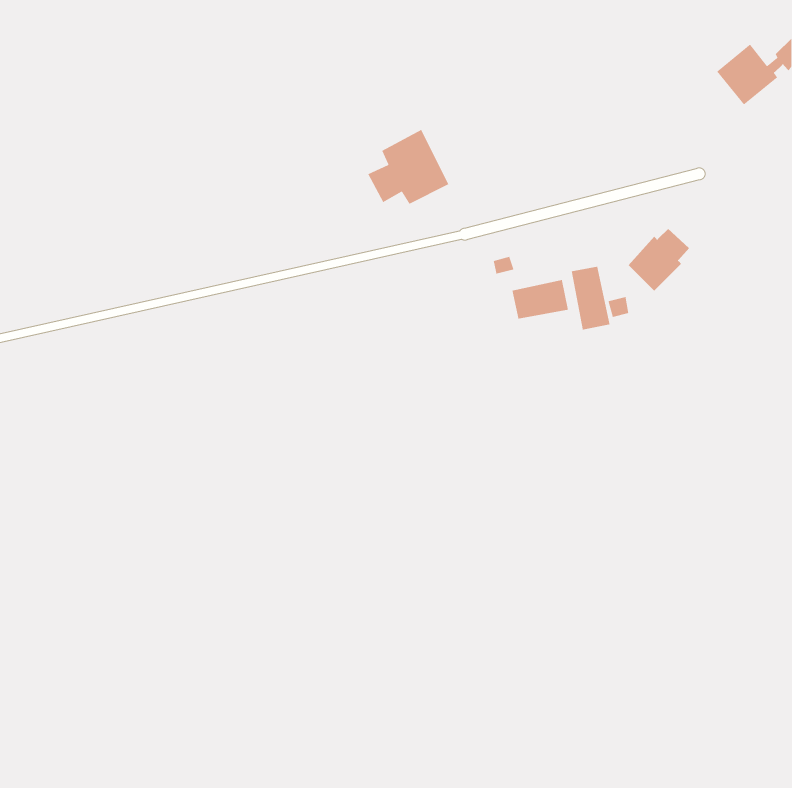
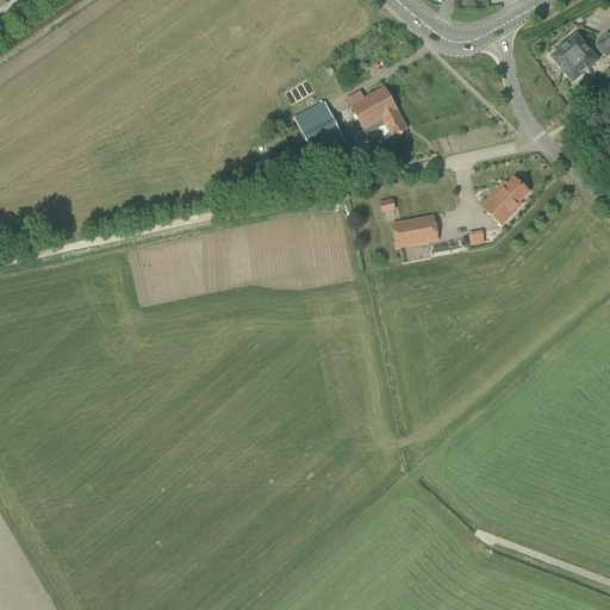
building: none -> [351,86,407,137]
building: [571,266,610,330] -> none

